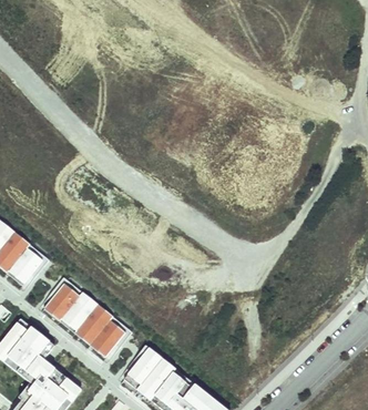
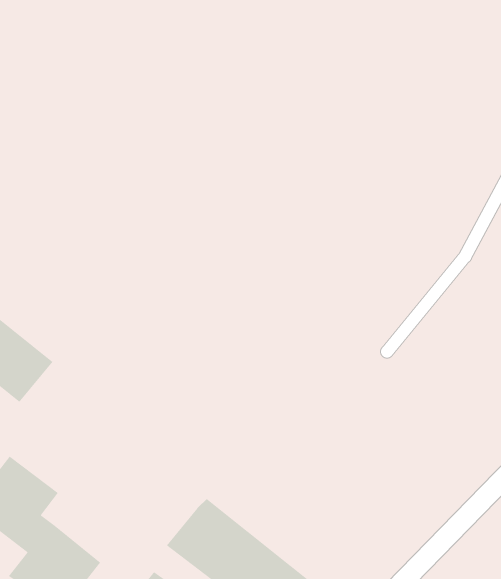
building: [40,277,131,359] -> none

